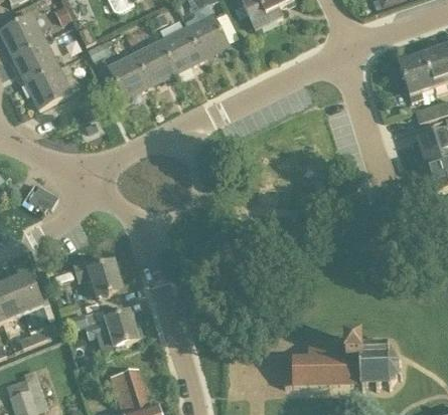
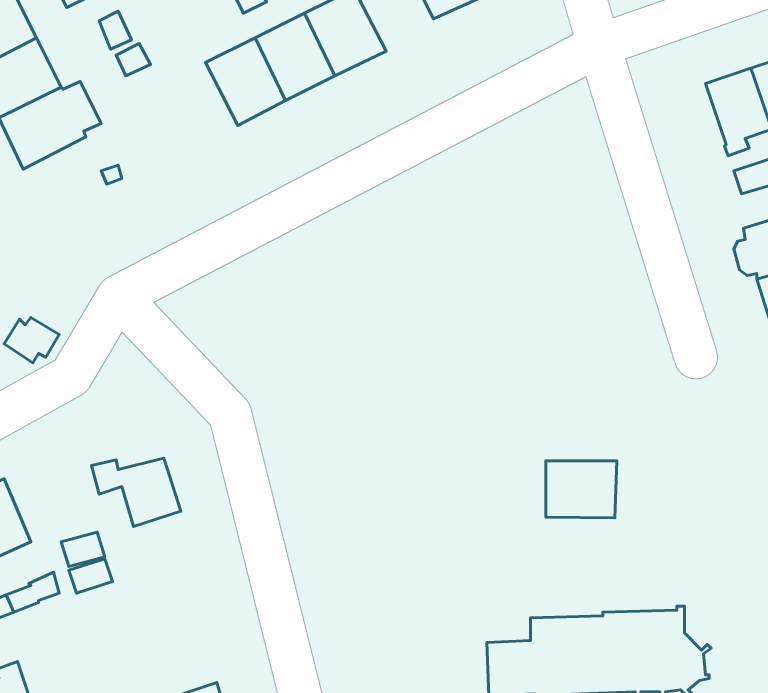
building: [108,51,151,97] -> none
building: none -> [546,461,617,518]
building: [93,310,142,346] -> none

